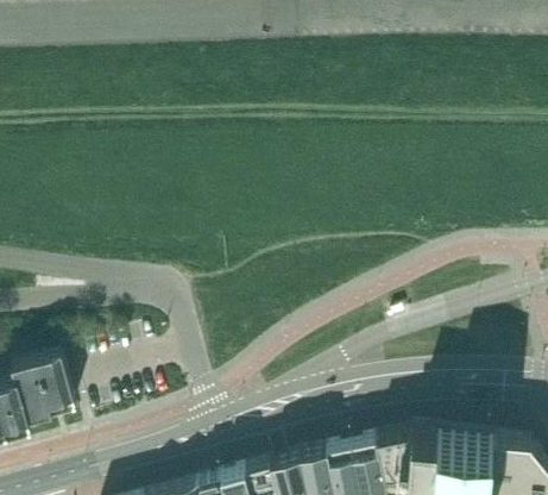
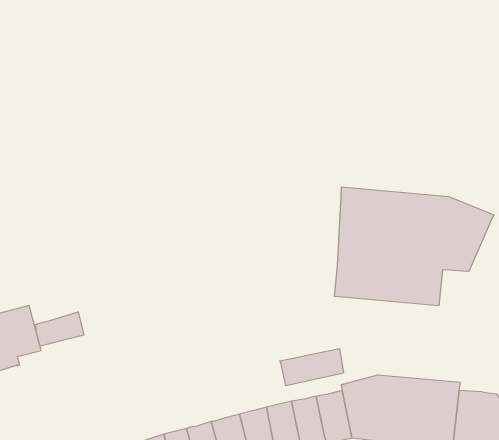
building: none -> [335,187,494,306]
building: none -> [35,312,84,346]
building: none -> [280,349,343,386]

